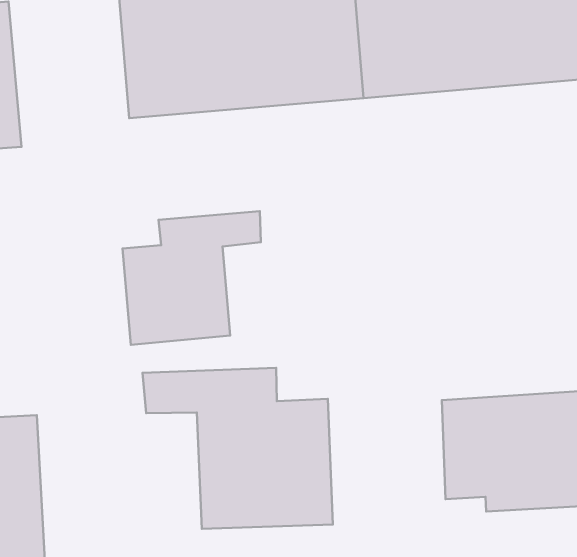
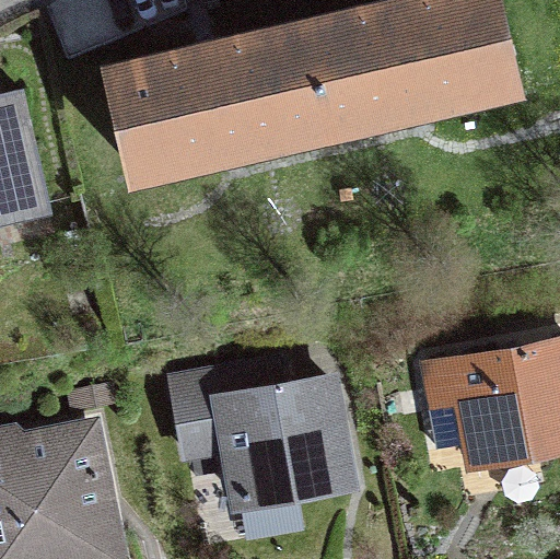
building: [123,211,261,345] -> none

